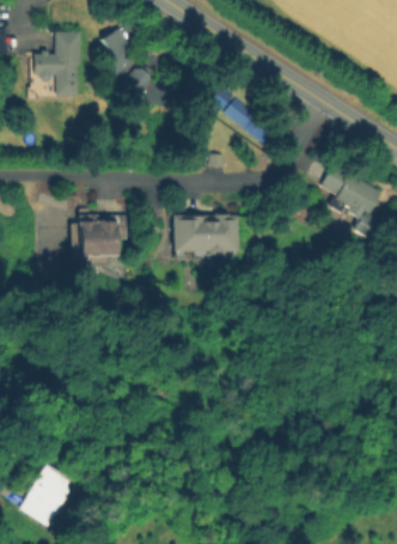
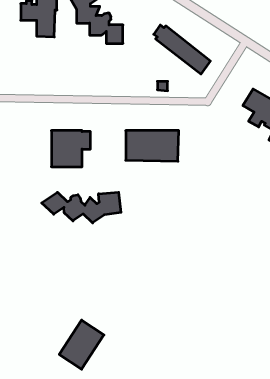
building: none -> [42,192,121,223]
building: [20,463,78,526] -> [59,320,104,369]

